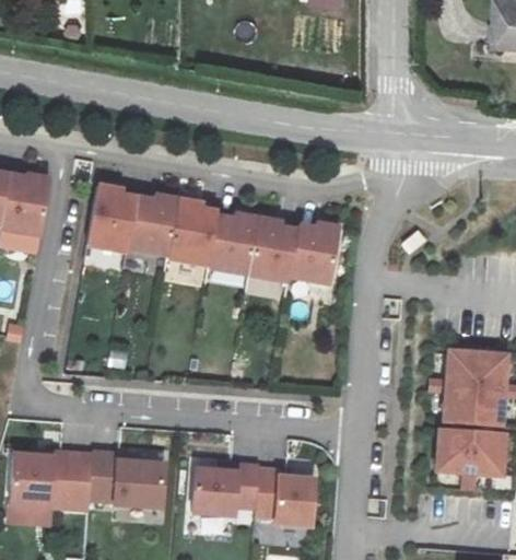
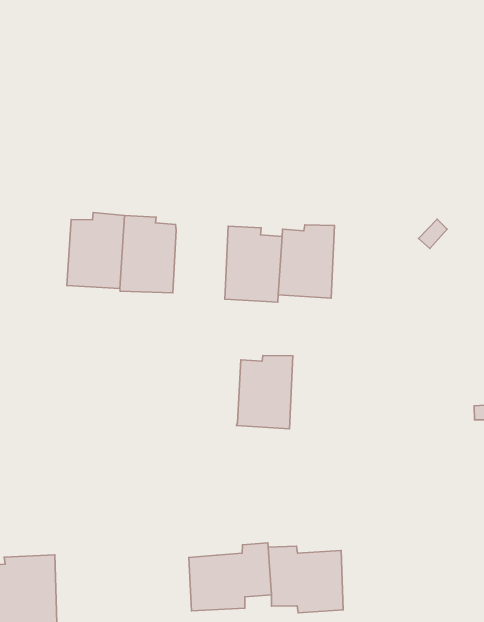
building: [89,184,139,250] -> none
building: [209,214,259,273] -> [236,356,293,429]
building: [89,451,164,505] -> none

